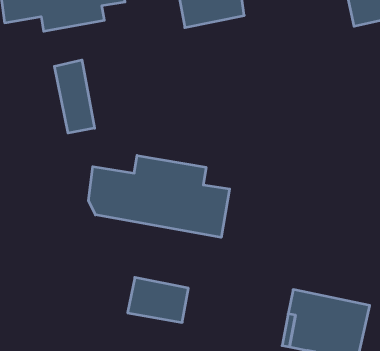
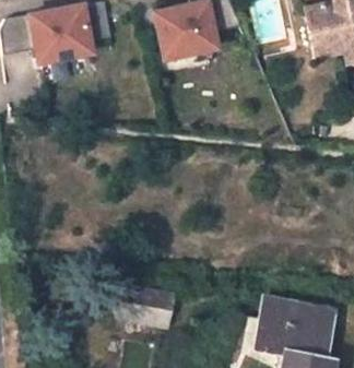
building: [54,60,95,133] -> none
building: [89,155,230,237] -> none

